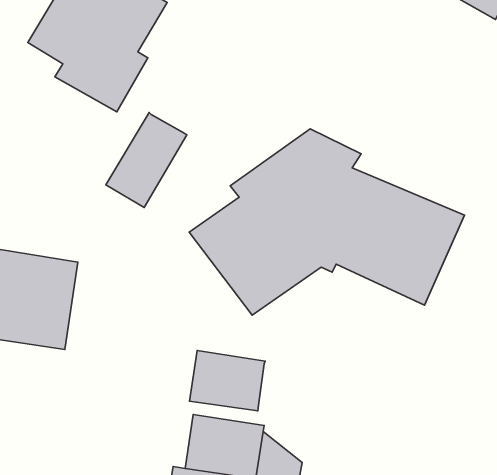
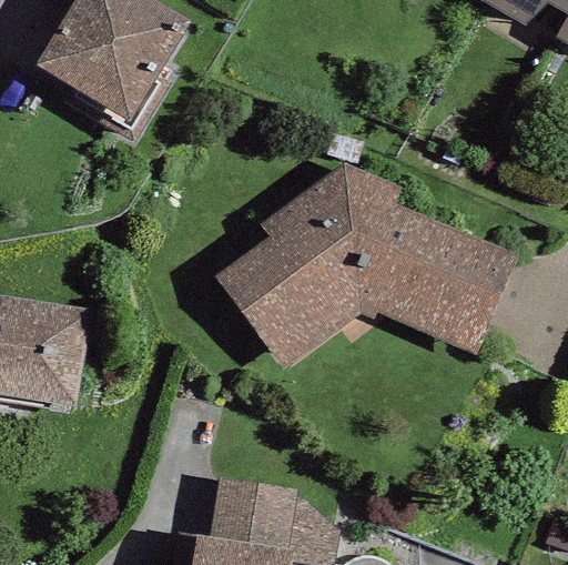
building: [106,113,187,208] -> none
building: [190,351,265,411] -> none

